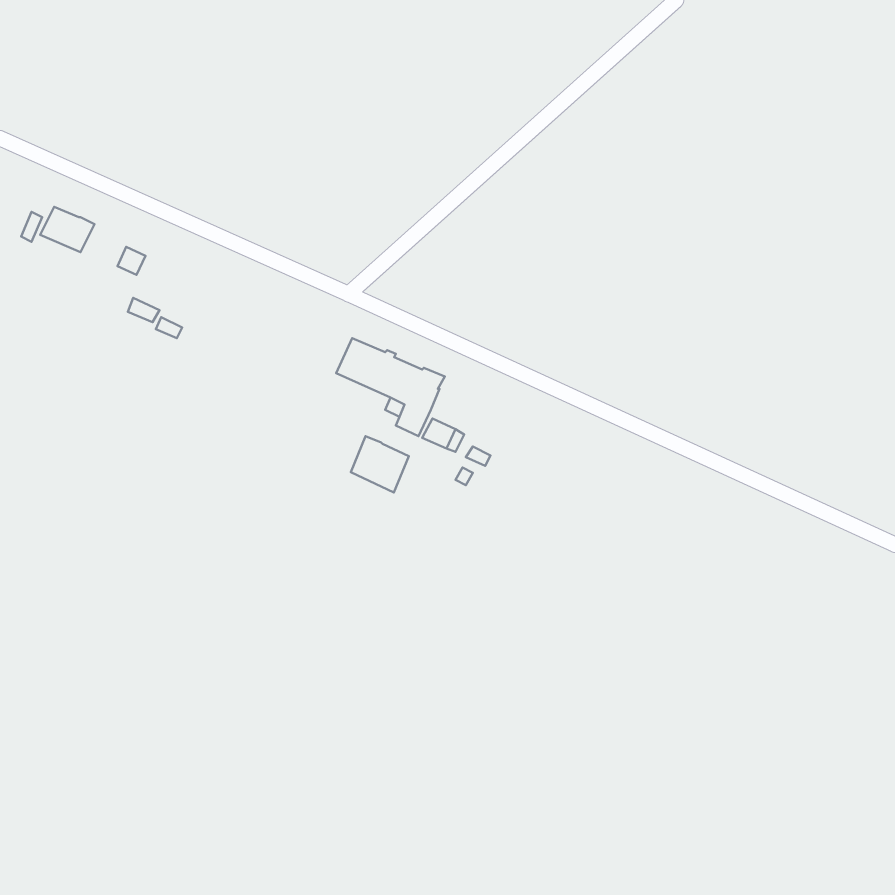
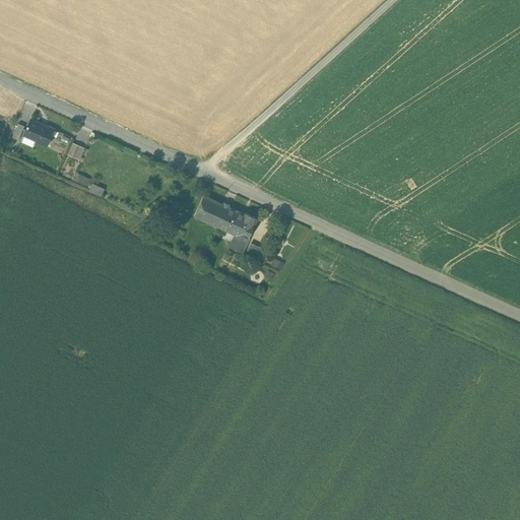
building: [351,436,409,492] -> none

